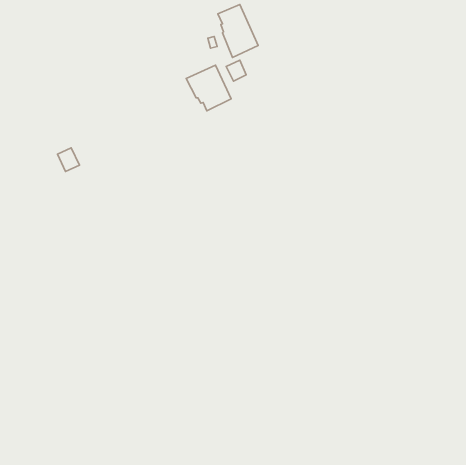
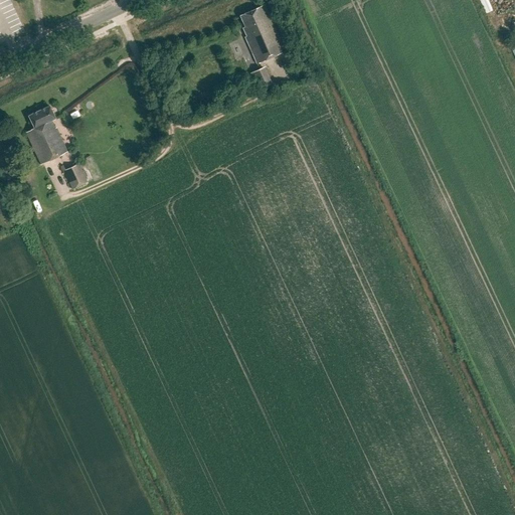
building: [186,65,231,111] -> none
building: none -> [26,106,67,164]

